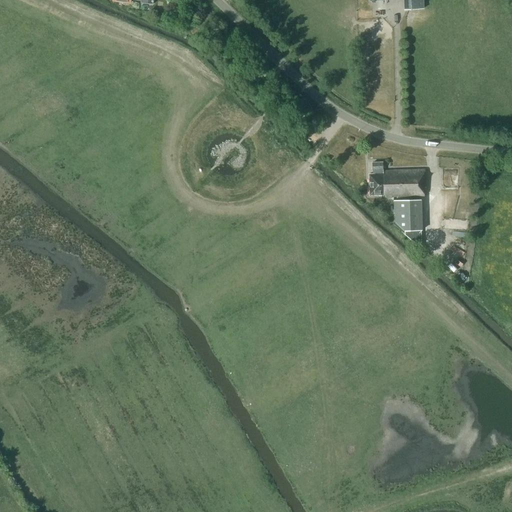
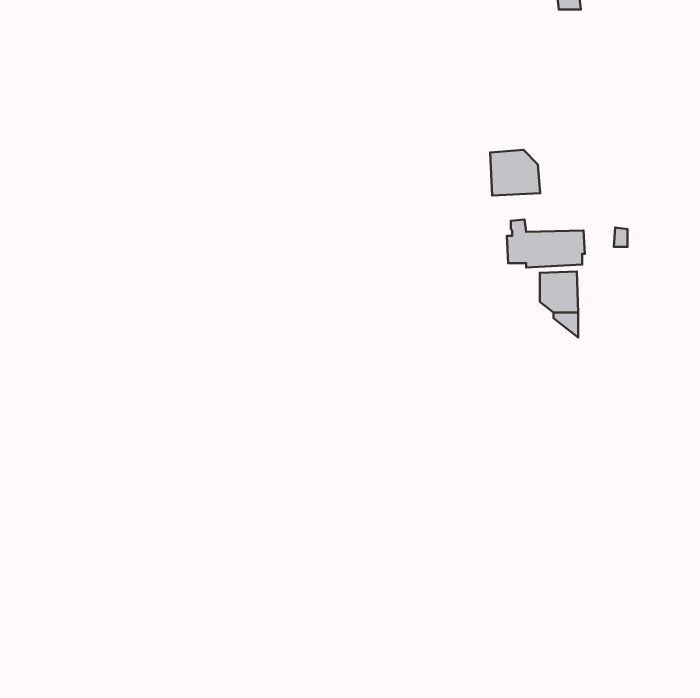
building: none -> [490,150,540,195]

